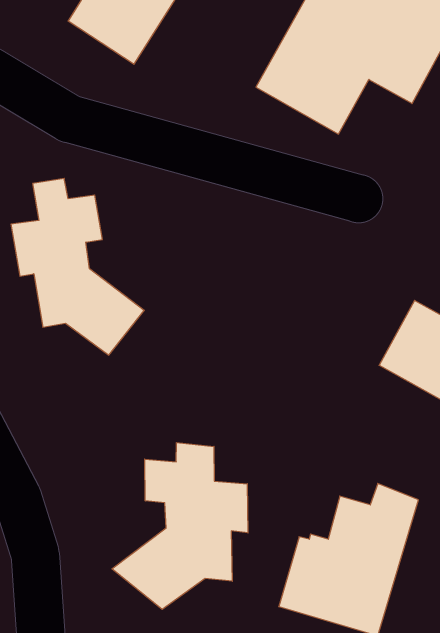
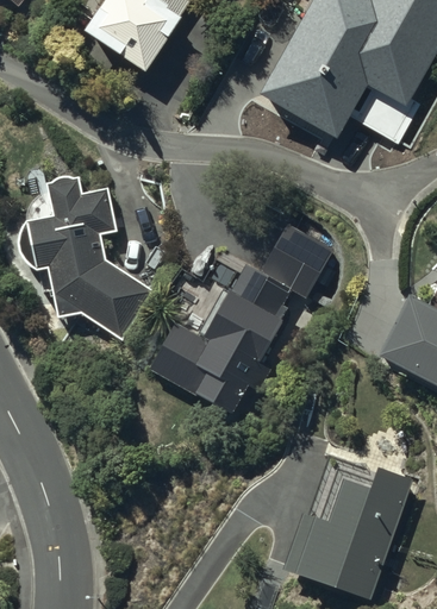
building: none -> [146,225,333,408]
building: [112,443,248,609] -> none

